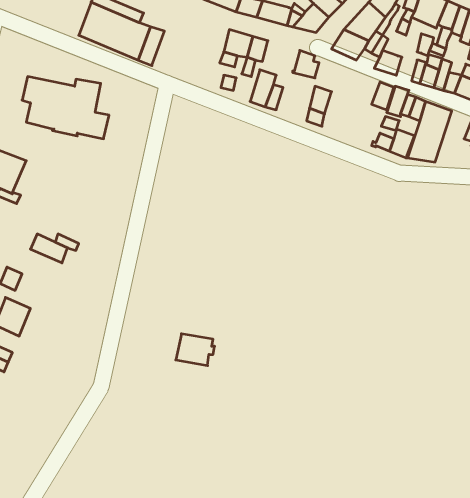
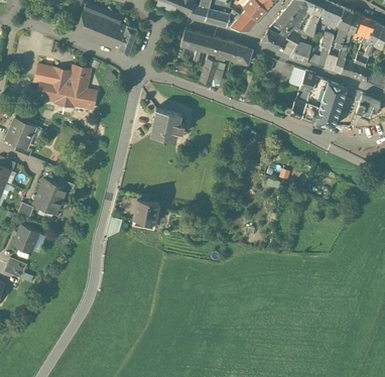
building: none -> [209,37,237,59]
building: none -> [150,108,184,139]
building: none -> [33,190,62,214]
building: [176,334,215,366] -> [133,199,161,222]

